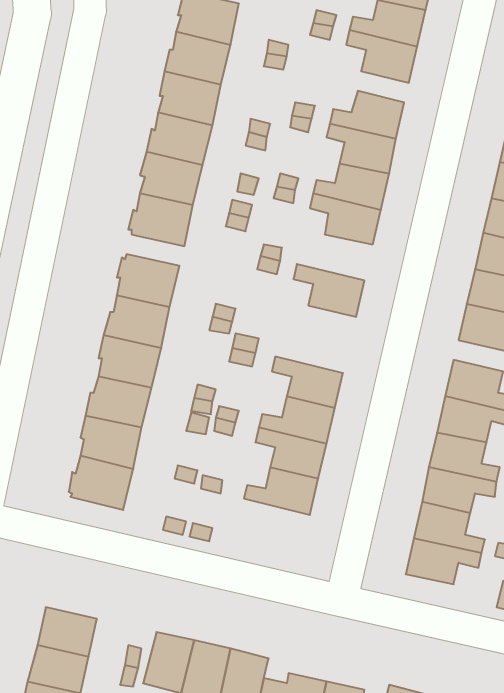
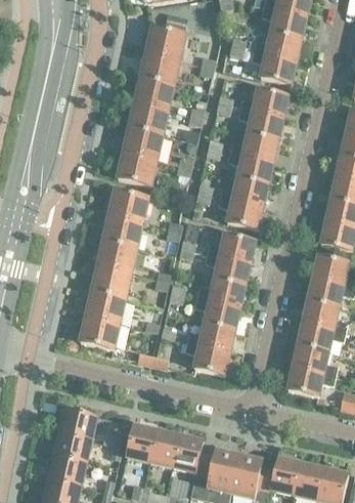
building: none -> [221,176,268,205]
building: none -> [208,233,255,262]
building: none -> [186,340,229,372]

